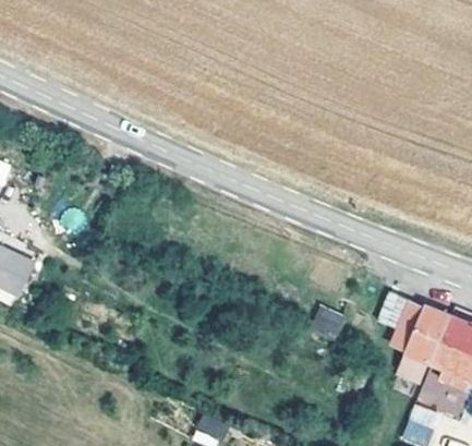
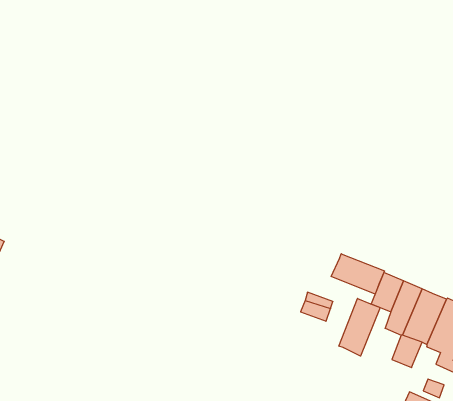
building: none -> [331,254,384,294]
building: none -> [339,298,380,356]

